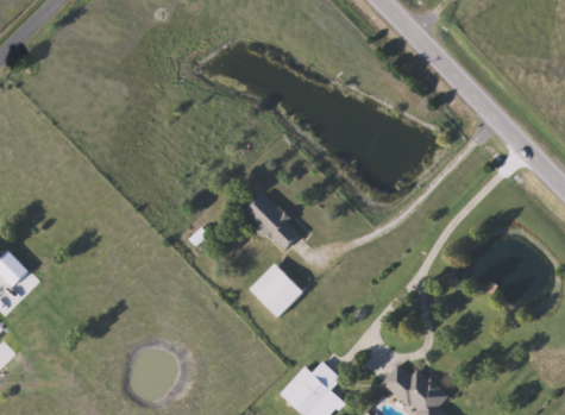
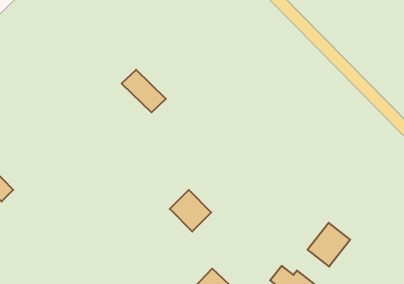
building: [243,193,301,249] -> [122,70,166,112]
building: none -> [308,223,350,267]

